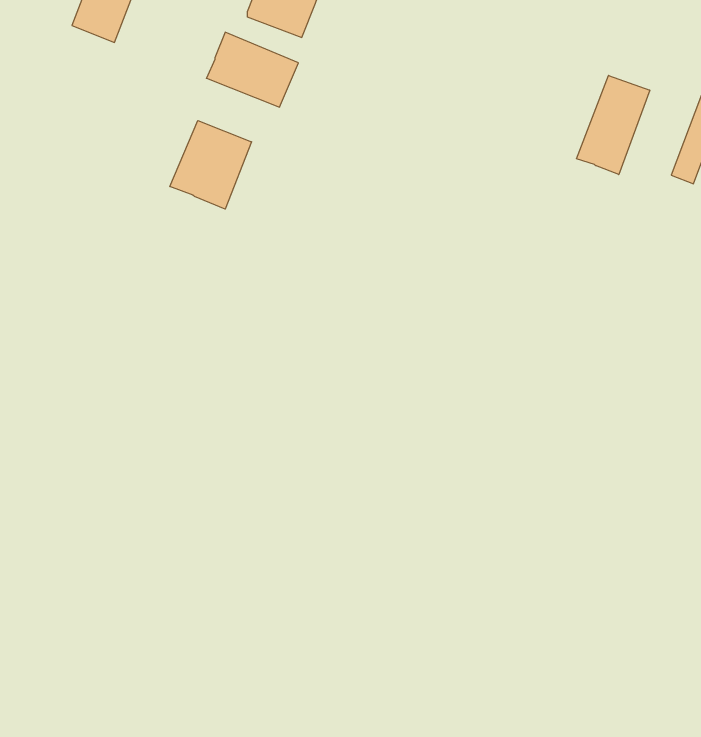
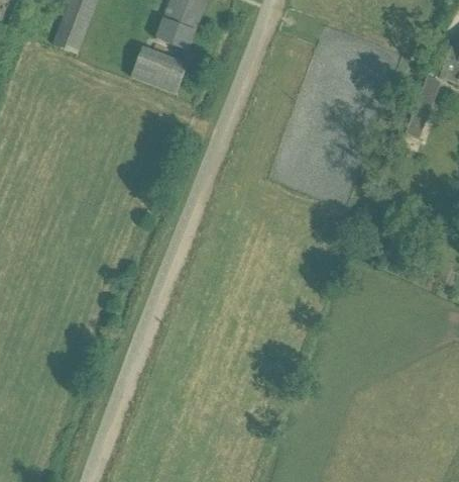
building: [577,75,650,175] -> none
building: [170,121,252,209] -> none

